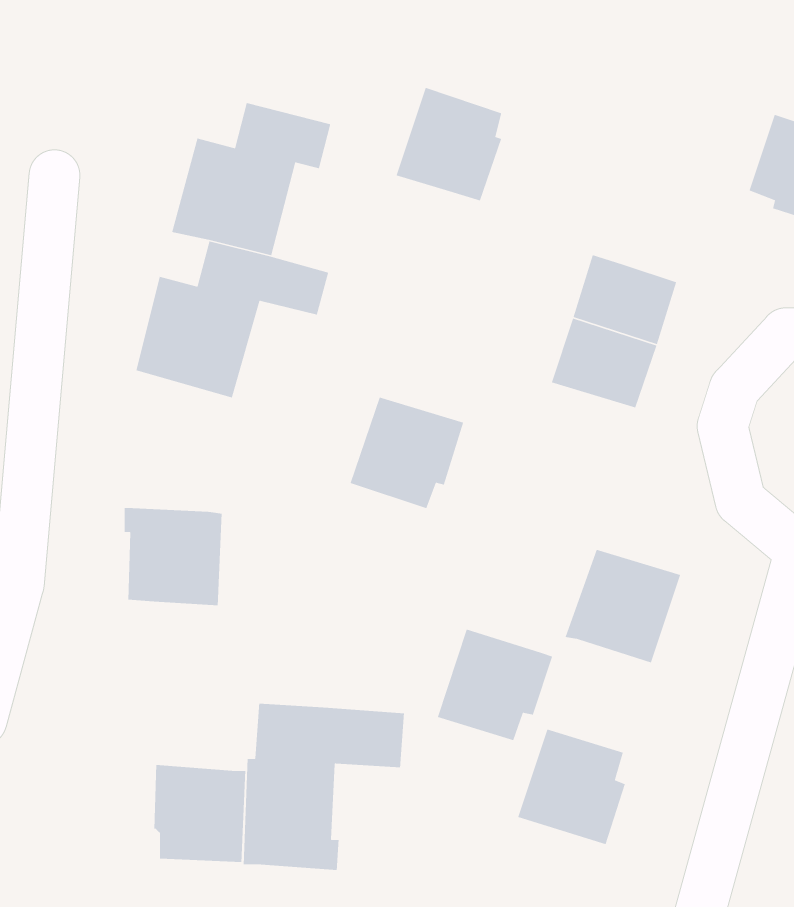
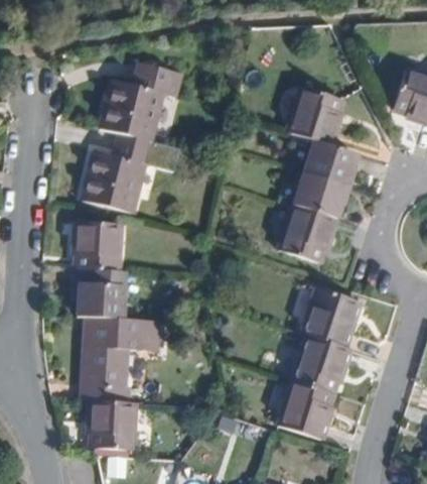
building: [395,87,502,202] -> [287,86,341,144]
building: [350,396,464,509] -> [278,205,336,262]
building: none -> [74,220,120,270]
building: [437,628,553,741] -> [291,336,350,393]
building: [243,703,405,871] -> [83,317,165,402]

